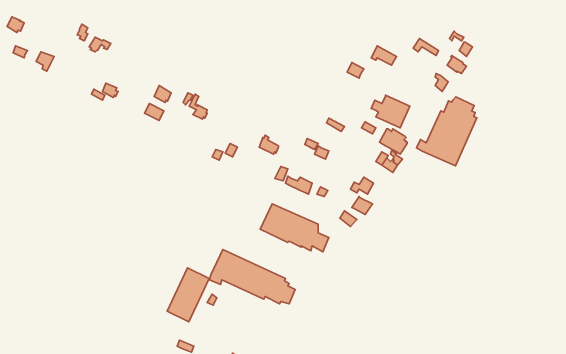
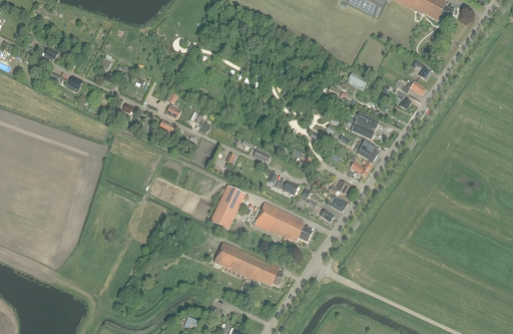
building: [417,97,477,166] -> none
building: [167,268,209,322] -> [209,186,244,231]

